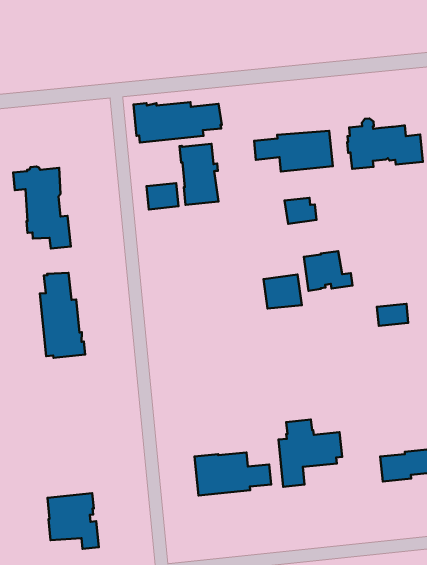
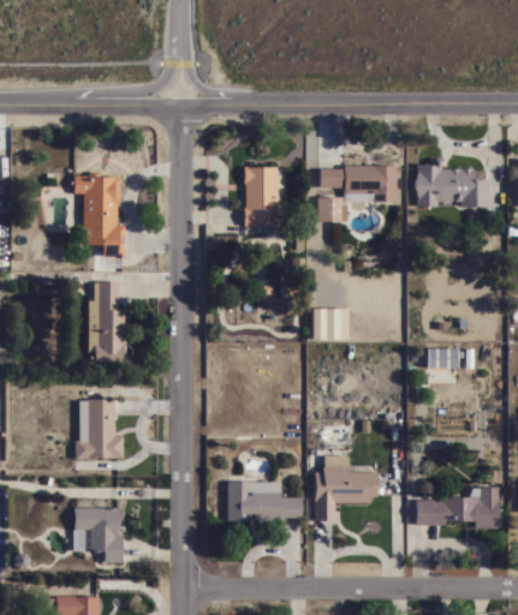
building: [133,102,222,142] -> none
building: [146,183,179,209] -> none
building: [285,198,316,224] -> [318,197,349,221]
building: [304,251,352,291] -> none
building: none -> [76,399,124,458]

